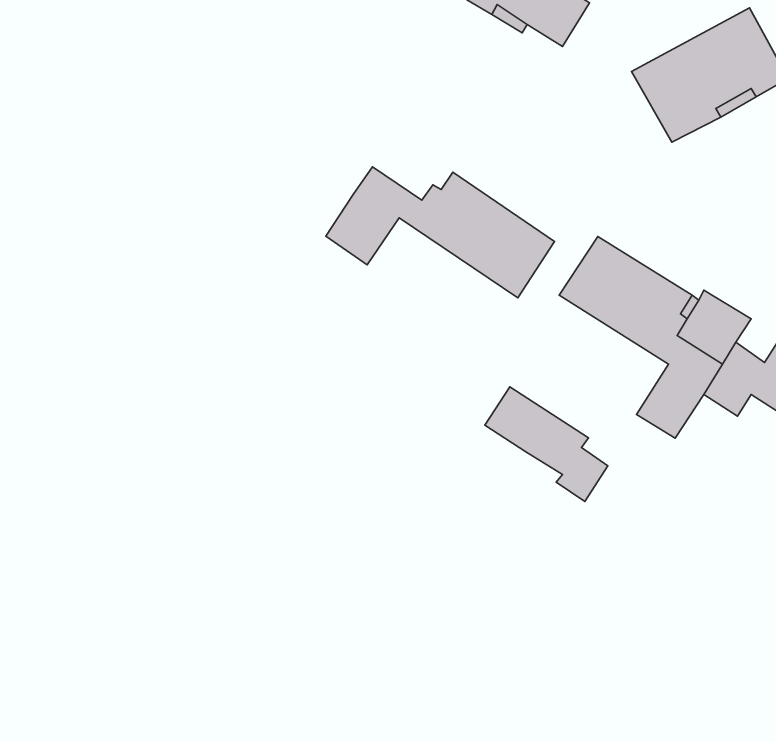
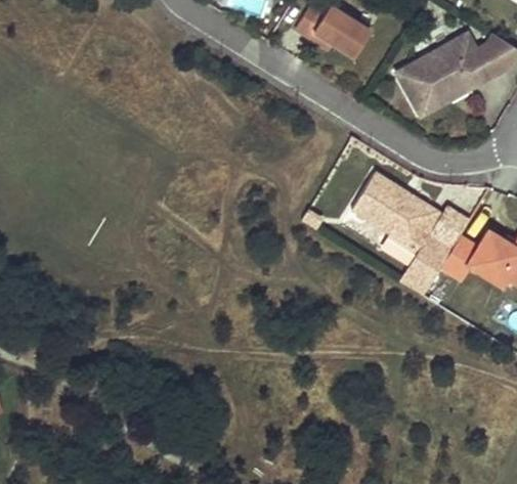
building: [326,167,555,298] -> none
building: [485,387,608,501] -> none

